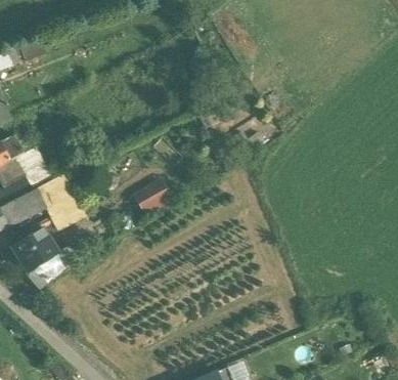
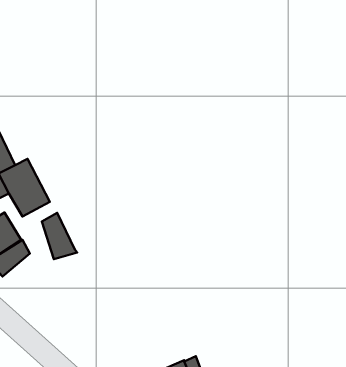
building: [136,180,171,213] -> none
building: none -> [42,213,77,259]

